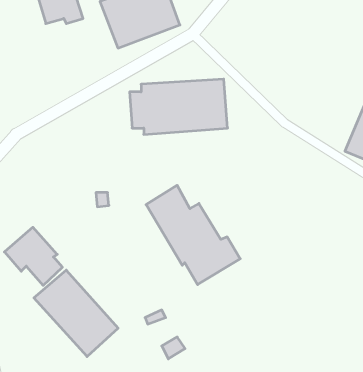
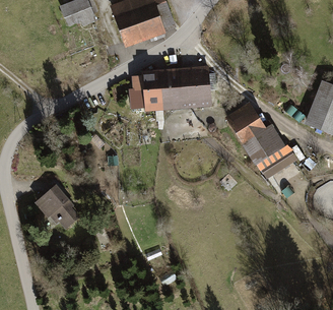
building: [146,185,240,285] -> [224,102,298,180]
building: [34,270,118,357] -> none

